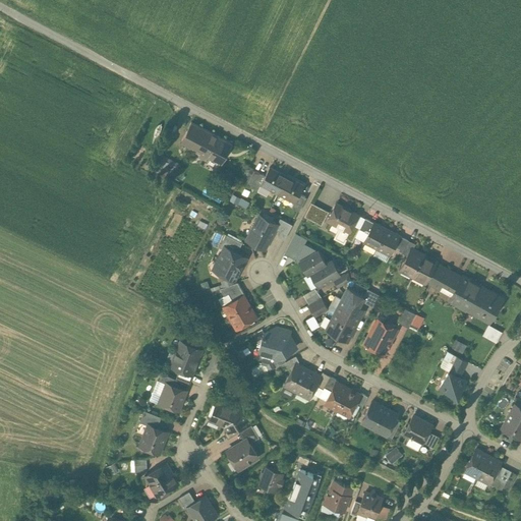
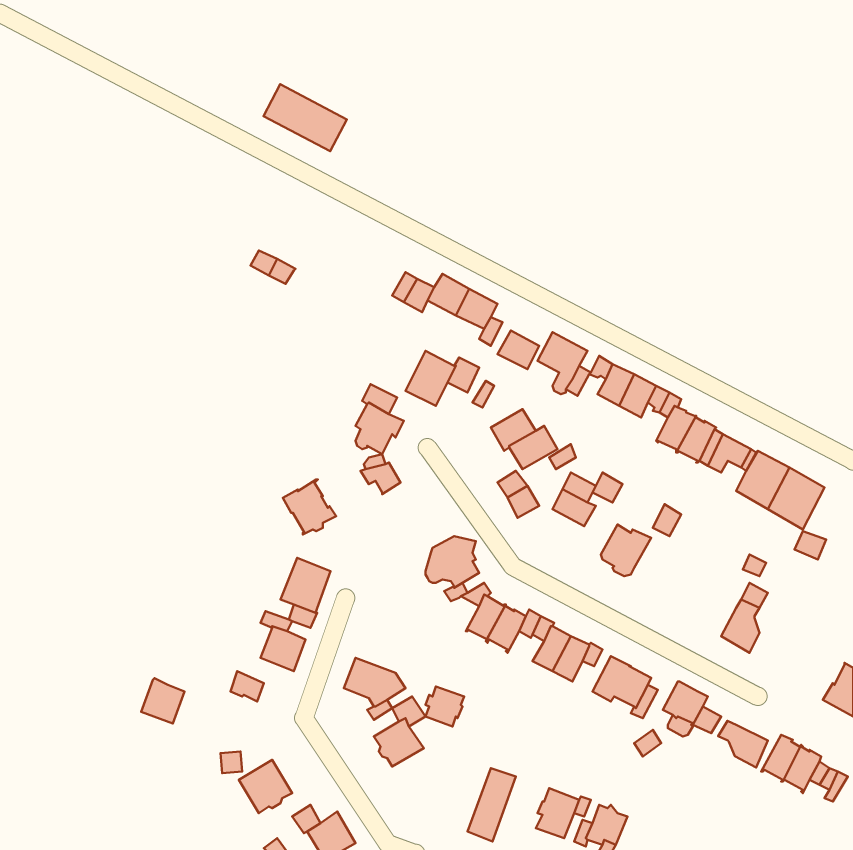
building: [181,124,232,165] -> [263,84,347,151]
building: [224,296,256,330] -> [283,479,336,535]
building: [327,312,356,342] -> none
building: [140,425,167,453] -> [141,678,184,723]
building: none -> [718,721,768,767]
building: [259,468,283,493] -> [426,686,464,726]

